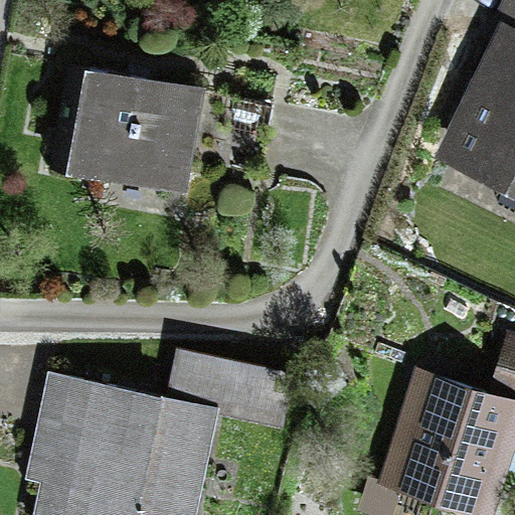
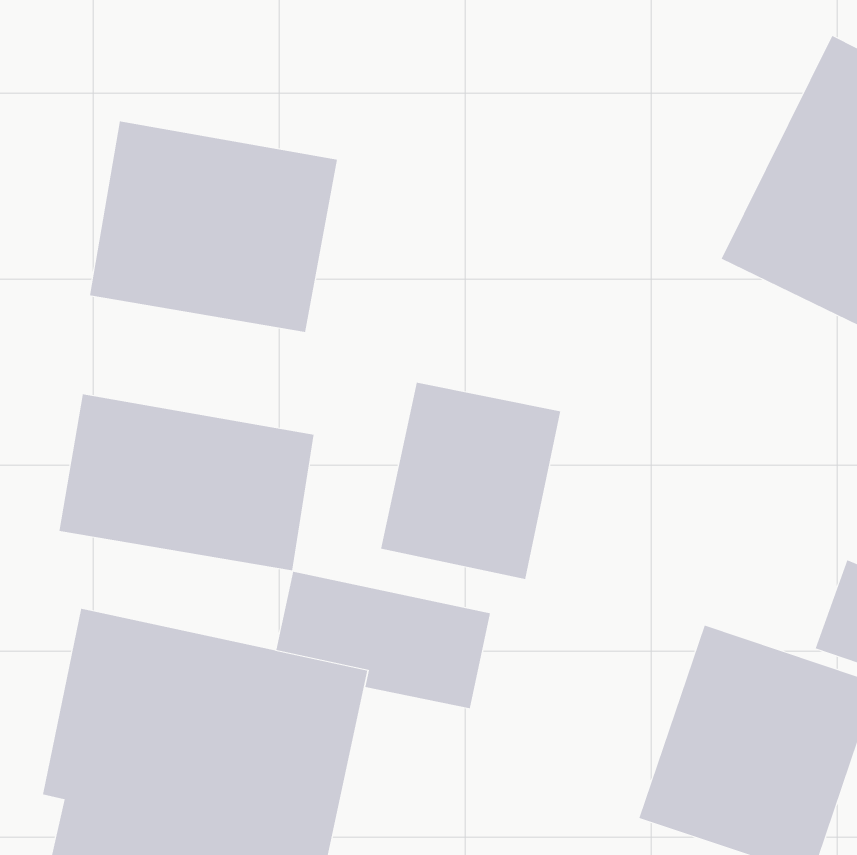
building: none -> [381,382,561,580]
building: none -> [59,394,314,571]

